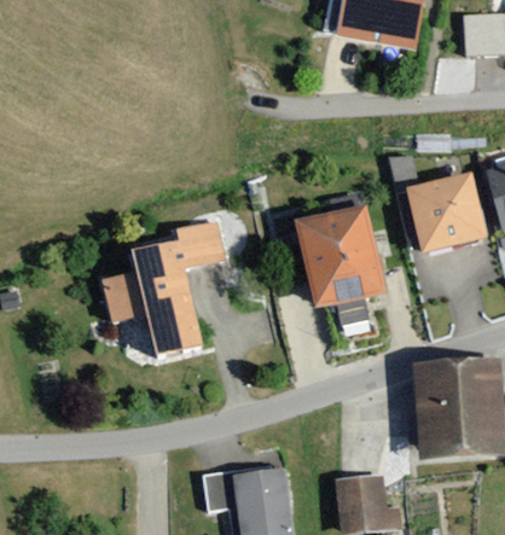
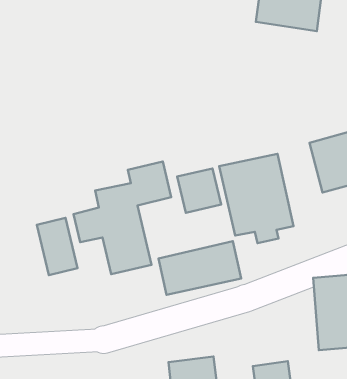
building: none -> [177,168,221,213]
building: none -> [37,218,77,275]
building: none -> [158,241,241,295]

